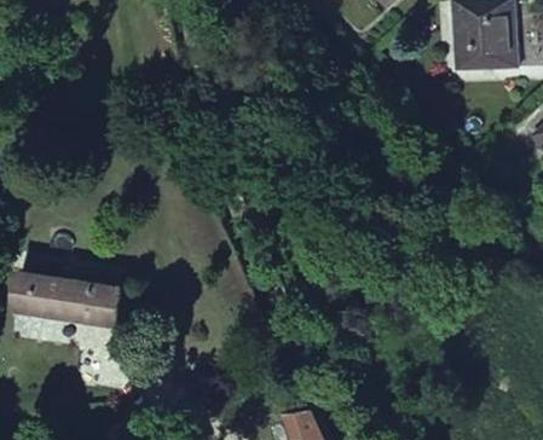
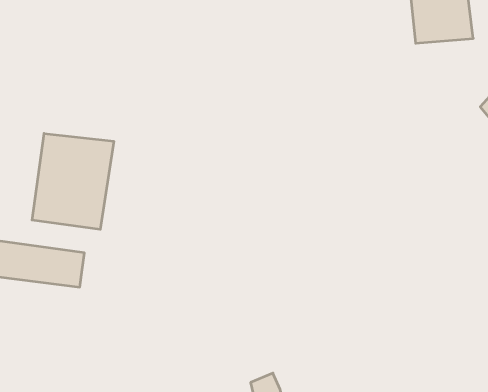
building: none -> [32,133,114,229]

